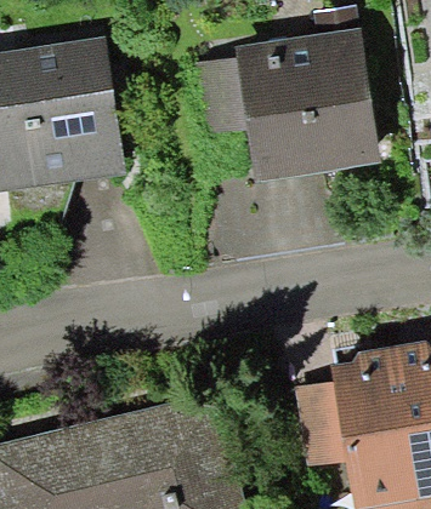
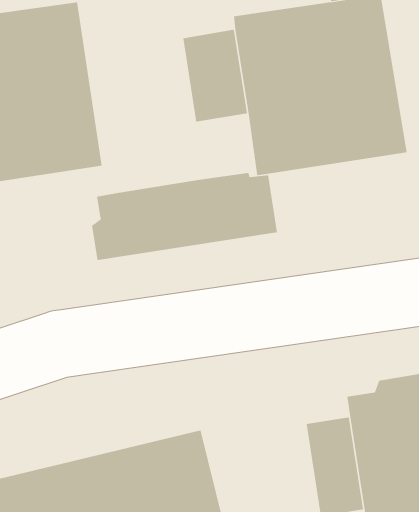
building: none -> [92,172,278,261]

